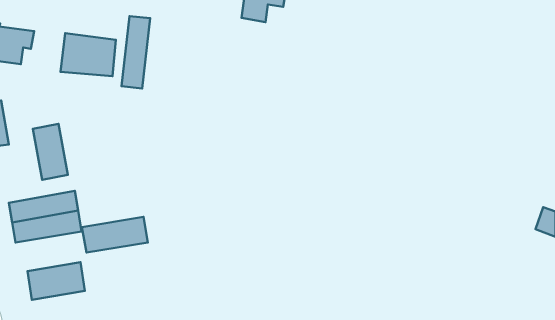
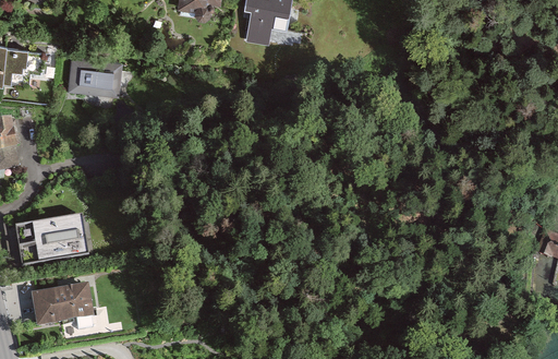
building: [122,16,150,88] -> none
building: [33,124,68,180] -> none
building: [82,217,148,253] -> none

